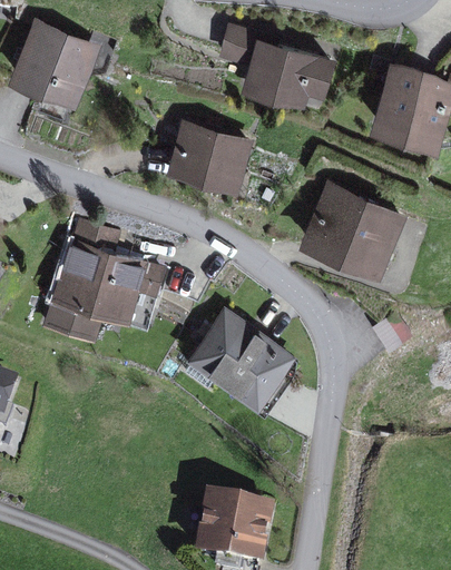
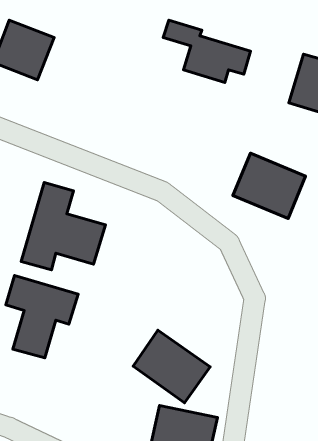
building: [171,124,242,184] -> none
building: [193,314,286,402] -> [133,330,210,403]
building: none -> [6,275,78,358]

